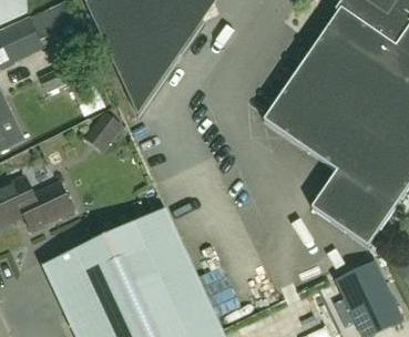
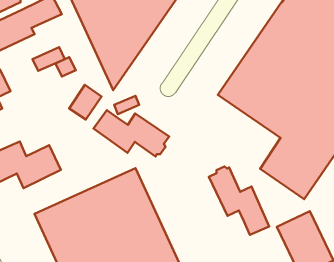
building: none -> [93,110,169,156]
building: none -> [209,167,269,235]

